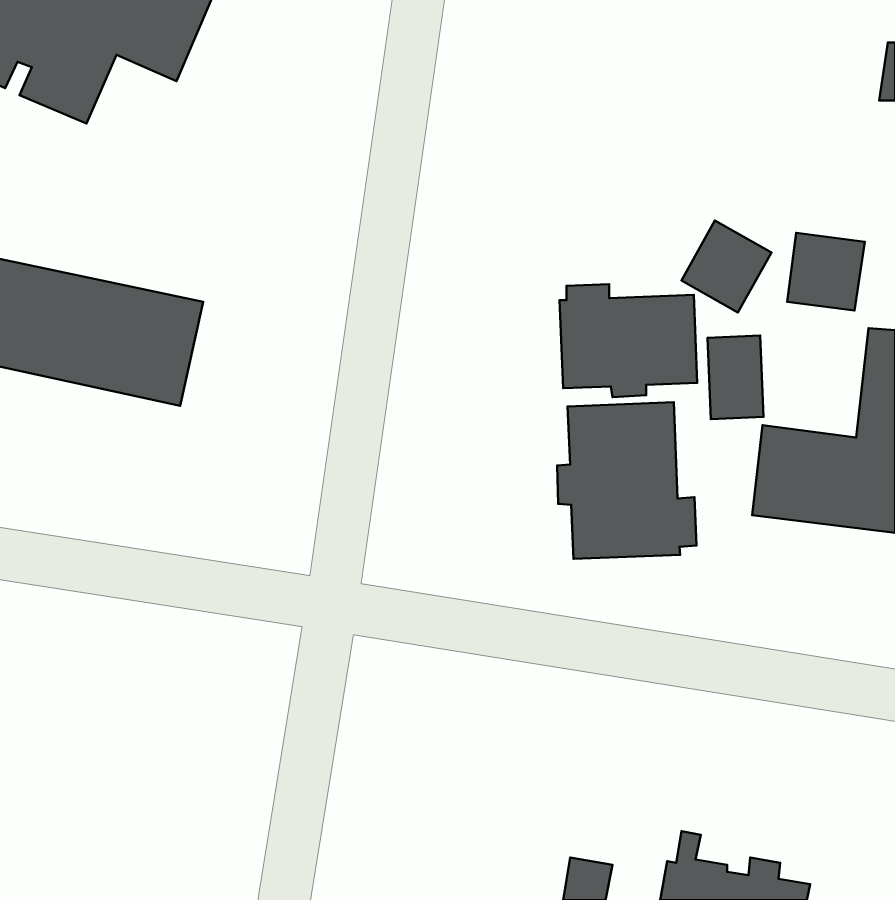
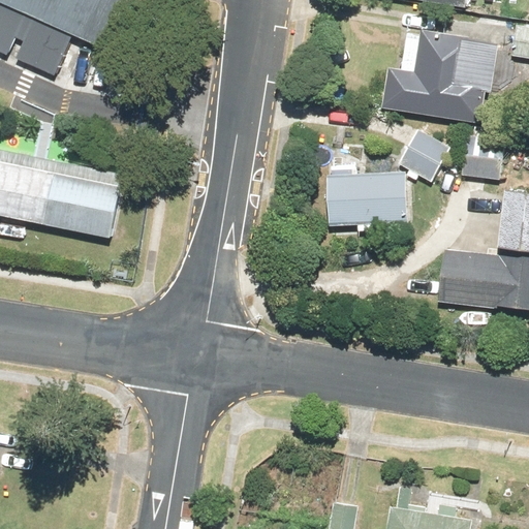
building: none -> [384,30,501,124]
building: [708,335,763,419] -> none
building: [557,402,696,559] -> none

